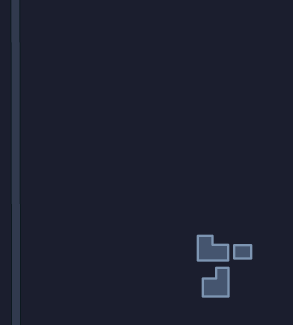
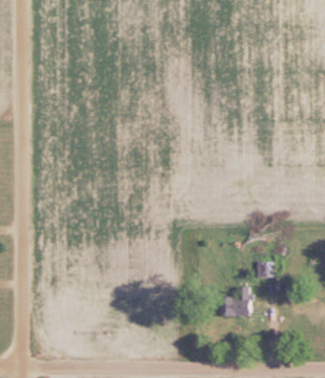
building: [198,236,228,260] -> none

